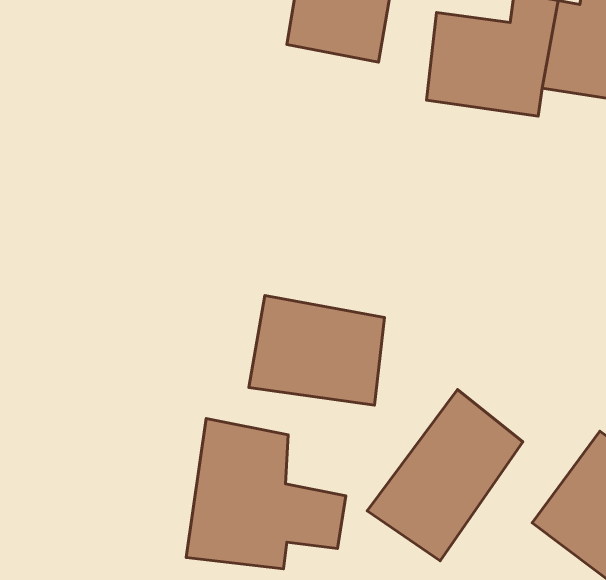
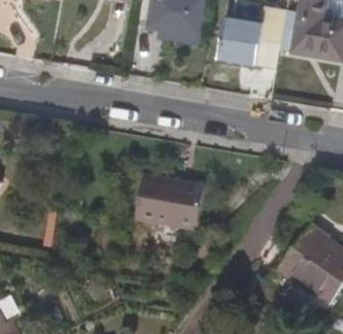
building: [367,389,523,561] -> none
building: [186,418,346,569] -> none

